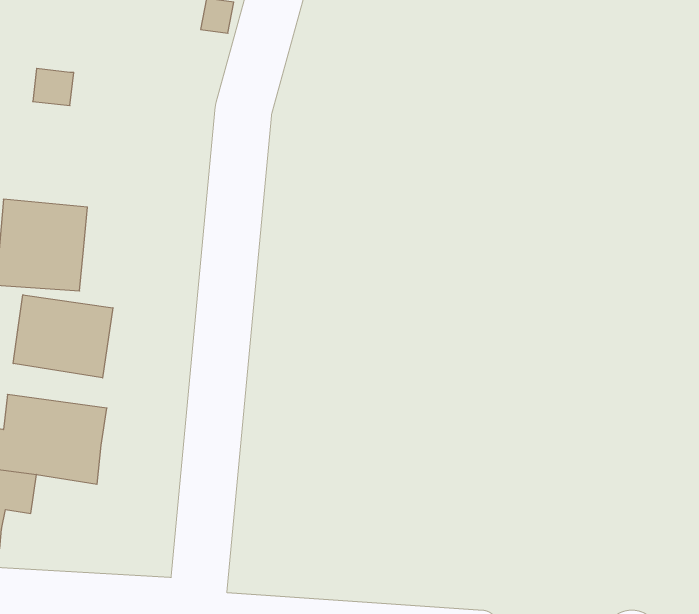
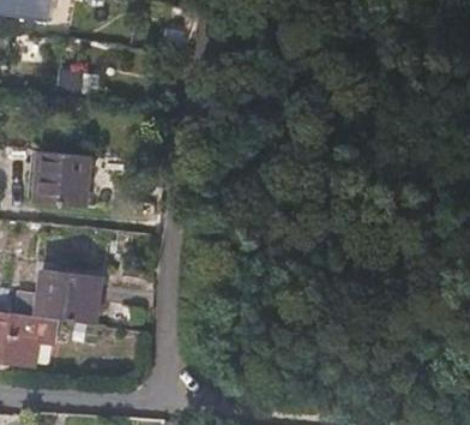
building: [13,295,113,378] -> none

